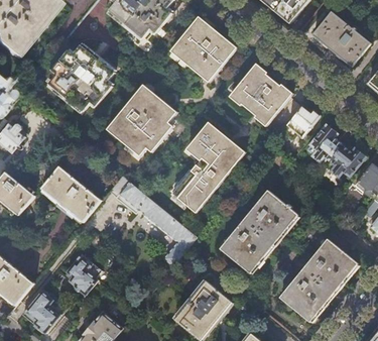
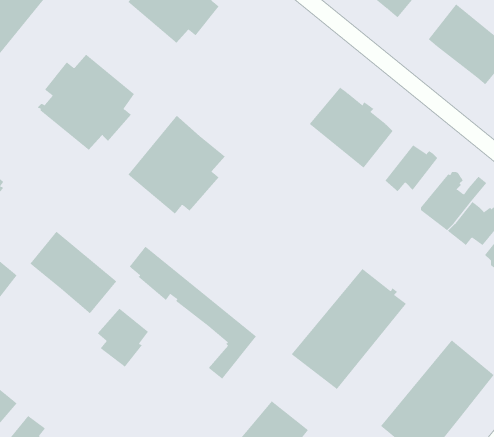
building: [173,19,236,80] -> none
building: [172,124,243,213] -> none
building: [67,254,102,295] -> [97,308,149,367]

